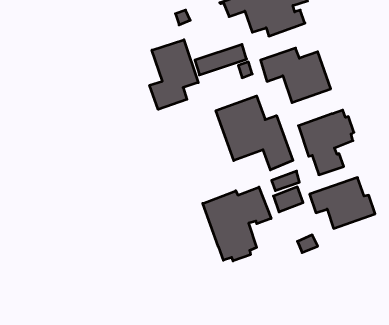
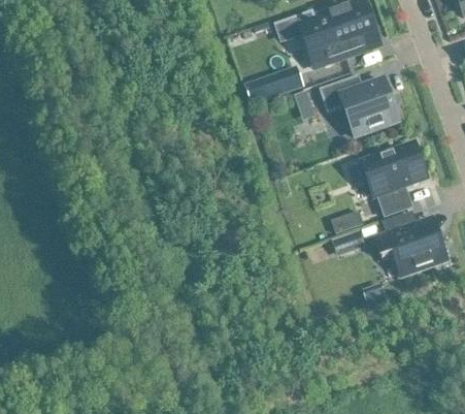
building: [150,40,198,109] -> none
building: [216,96,293,170] -> none
building: [203,187,271,261] -> none

